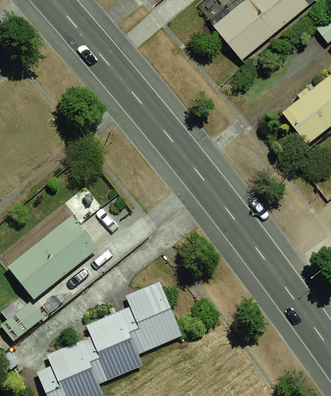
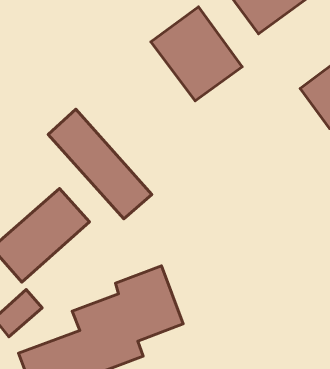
building: none -> [151,7,242,101]
building: none -> [48,109,152,219]

